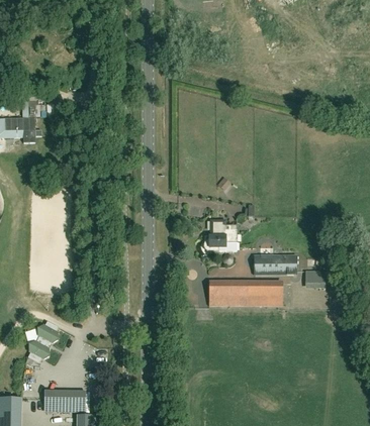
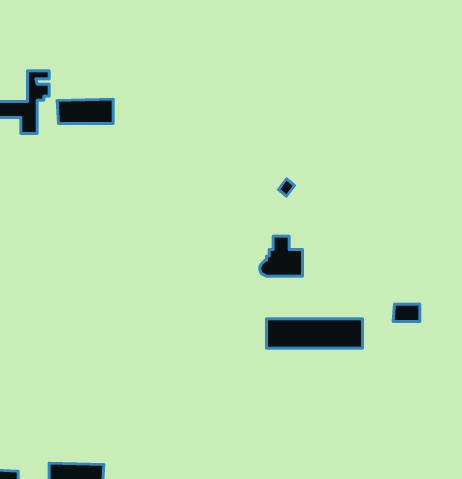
building: none -> [57,99,113,124]
building: [253,254,295,274] -> none
building: [27,320,58,362] -> none

